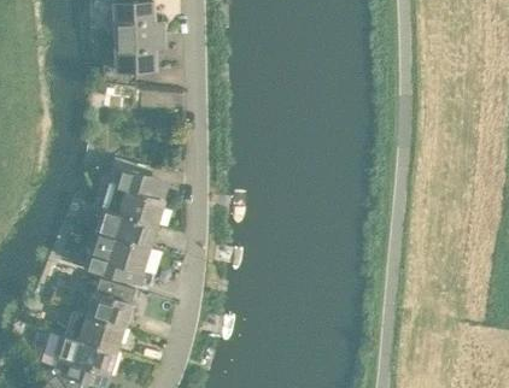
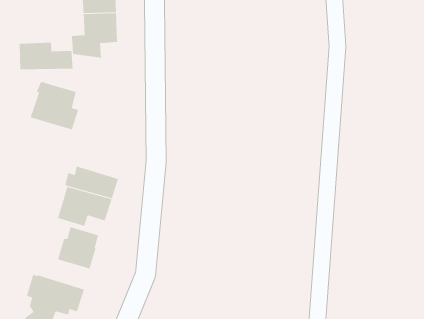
building: none -> [19,42,73,70]
building: [109,169,164,224] -> [30,81,79,130]
building: [64,311,124,349] -> none

